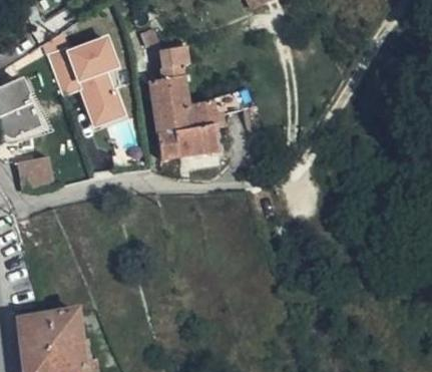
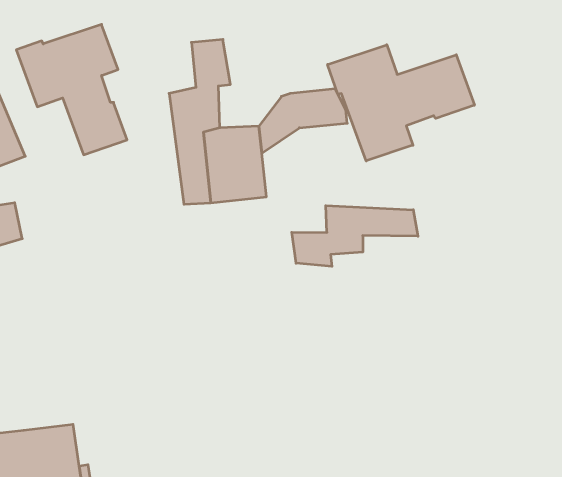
building: none -> [328,45,474,161]
building: none -> [292,206,418,266]

